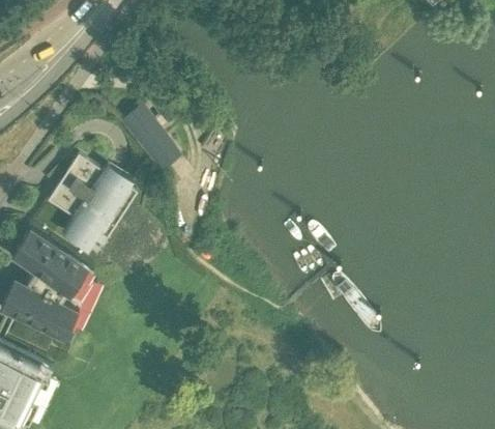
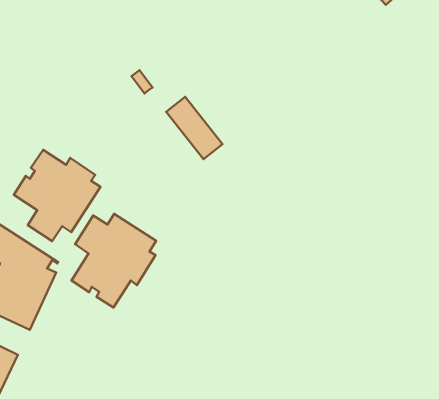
building: [122,106,180,170] -> [166,97,222,159]
building: none -> [71,214,156,308]

